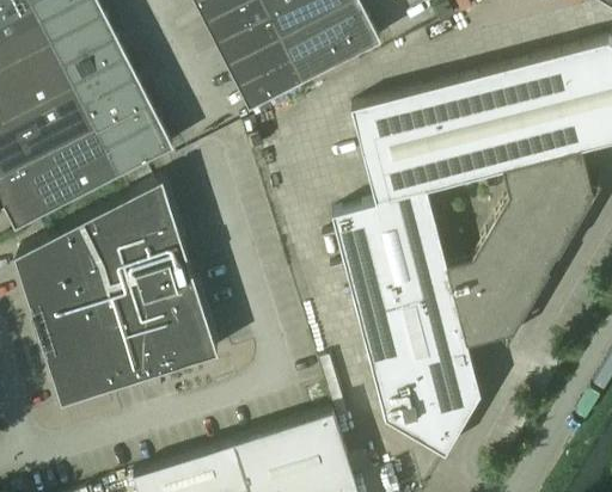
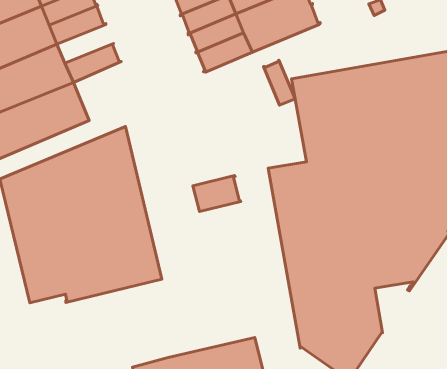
building: [74,62,140,111] -> none
building: none -> [264,60,295,105]
building: [97,104,173,176] -> none
building: none -> [193,176,241,212]

